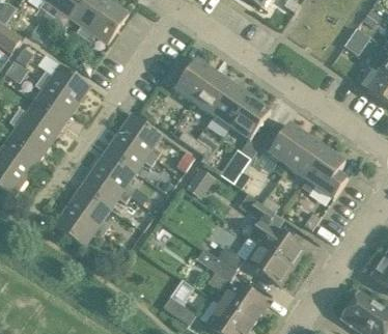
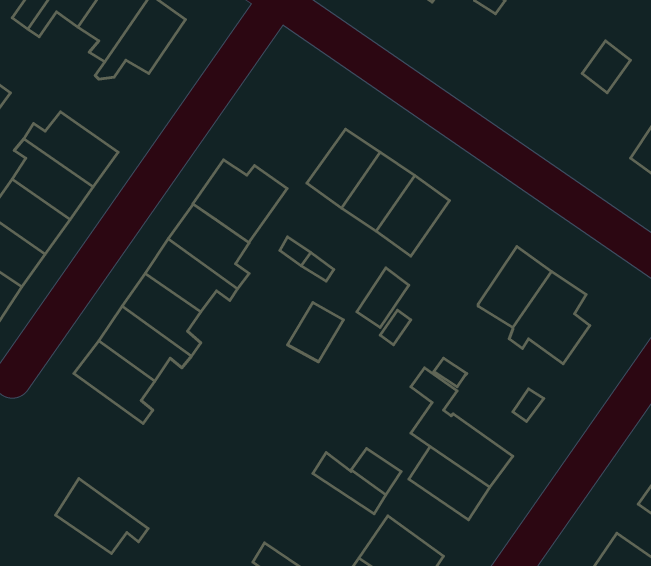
building: [163,57,214,102] -> [193,160,287,242]
building: [257,123,306,173] -> none
building: [55,204,105,245] -> [56,479,148,554]

